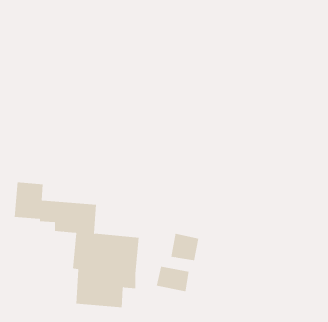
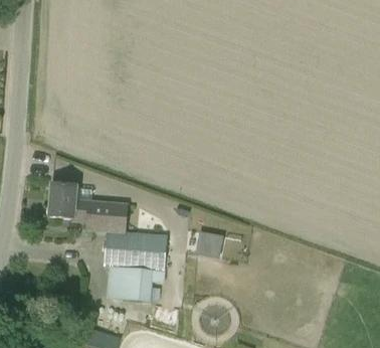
building: [156,266,189,292] -> none

